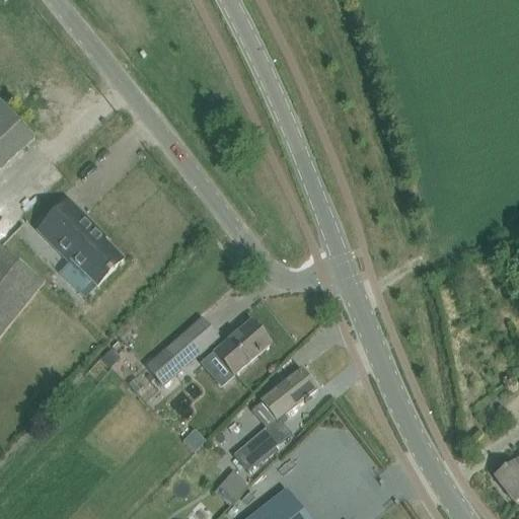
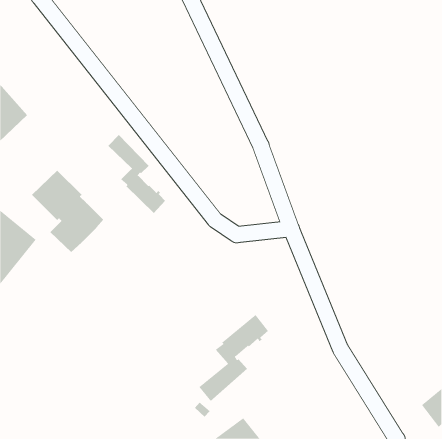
building: none -> [108,134,166,214]
building: [147,317,217,382] -> none
building: [202,319,270,383] -> none

